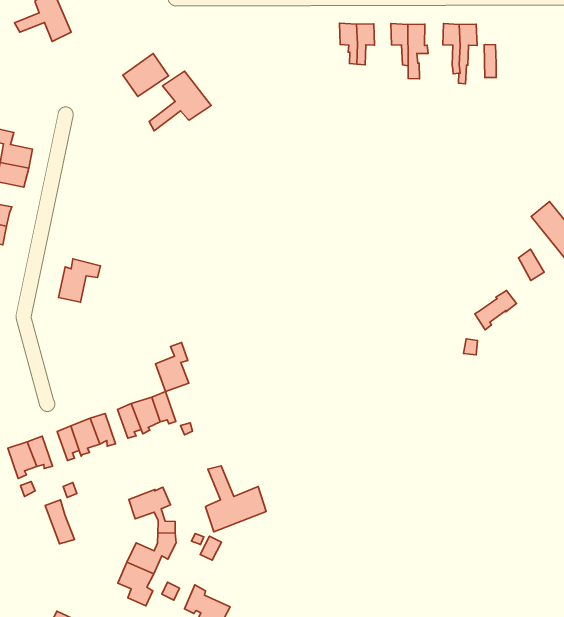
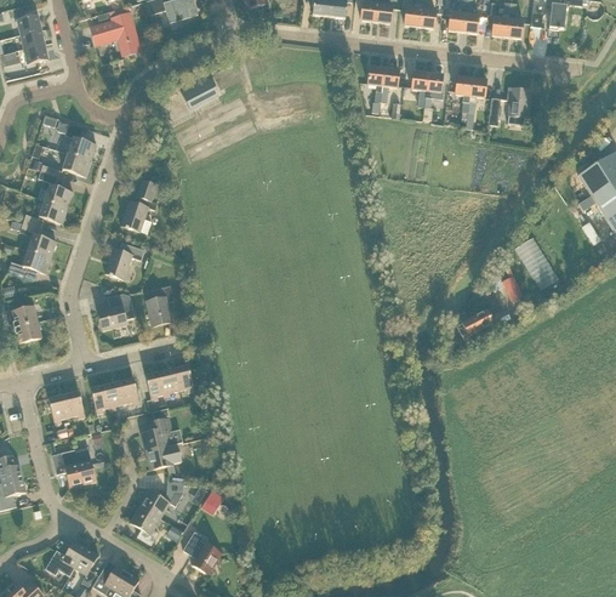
building: none -> [506,86,527,124]
building: [149,71,211,131] -> none
building: none -> [121,180,156,233]
building: none -> [97,295,133,330]
building: [155,343,189,391] -> [144,285,172,325]
building: none -> [141,417,182,451]
building: [206,466,266,532] -> none
building: none -> [51,449,82,487]

